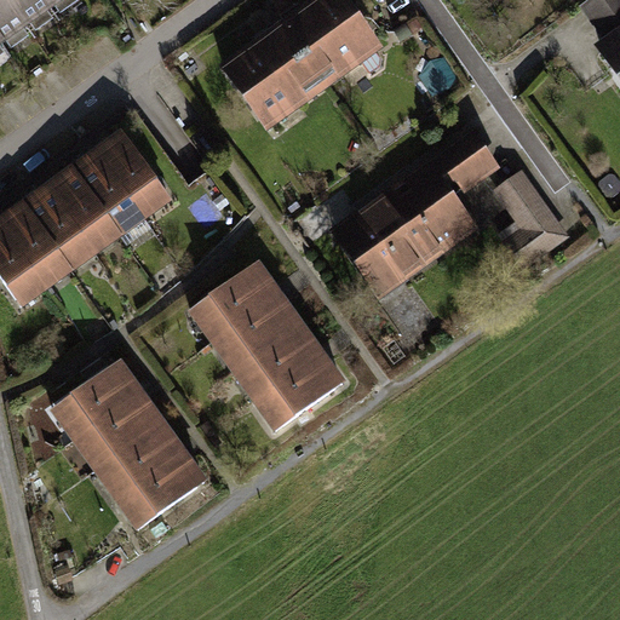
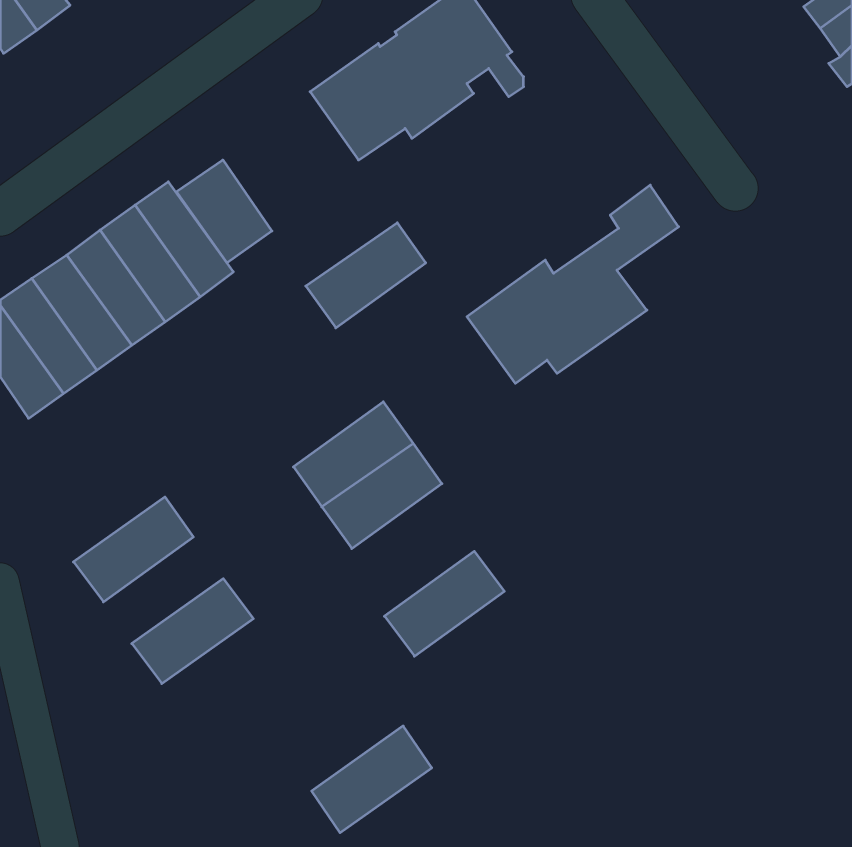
building: none -> [176,160,272,263]
building: [500,173,561,262] -> none
building: [191,263,279,339] -> [306,223,426,328]
building: [256,351,343,427] -> [384,551,504,656]
building: [75,390,162,467] -> none
building: [117,449,205,527] -> [312,726,432,833]

